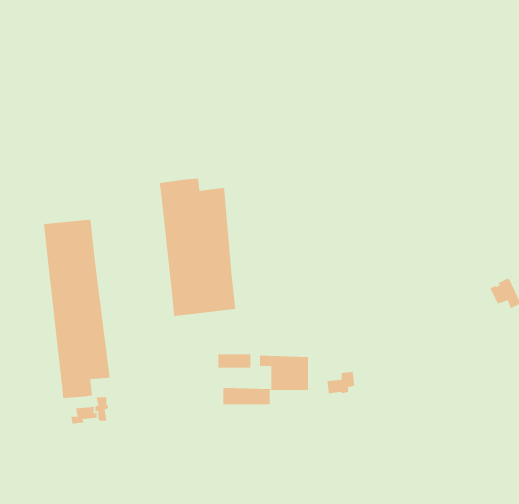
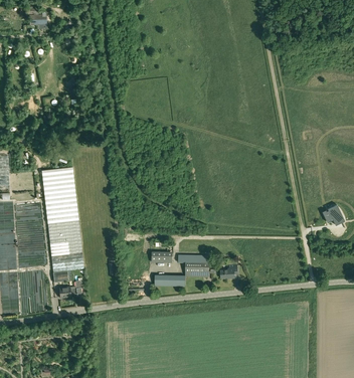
building: [159,178,236,317] -> none

